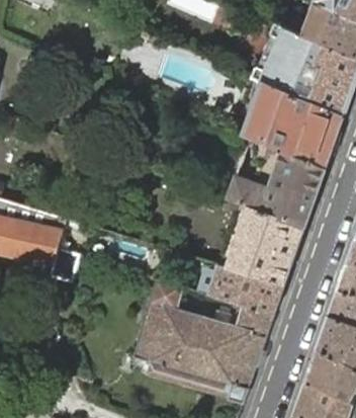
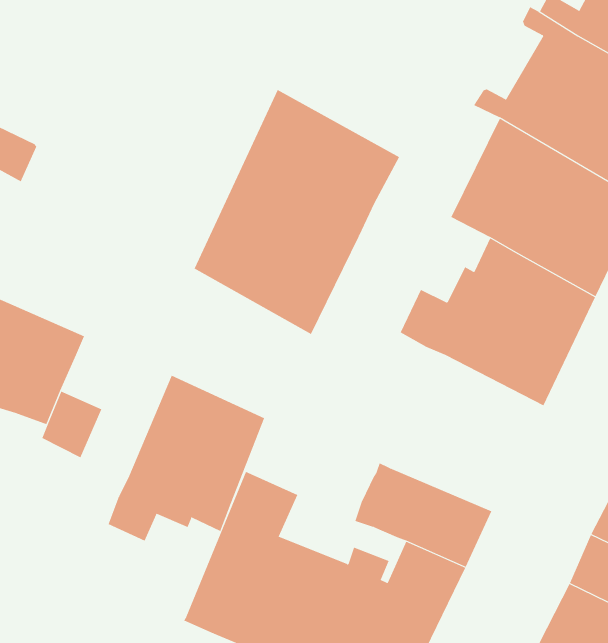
building: none -> [194,89,400,335]
building: [219,205,304,285] -> none
building: none -> [108,375,265,541]

